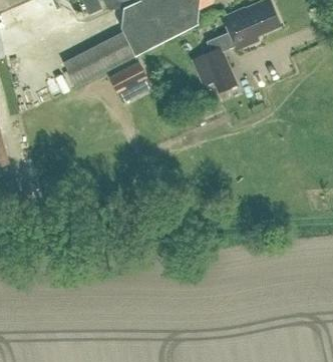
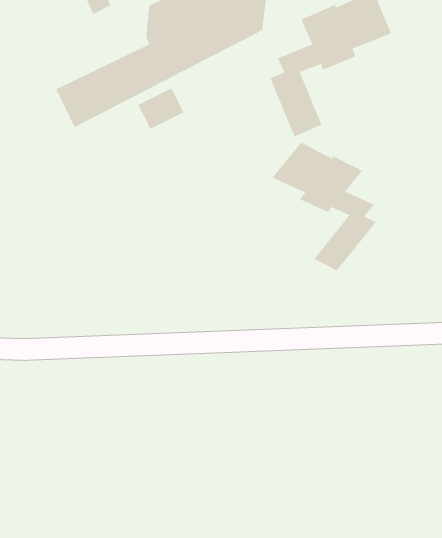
building: none -> [271,142,377,271]

